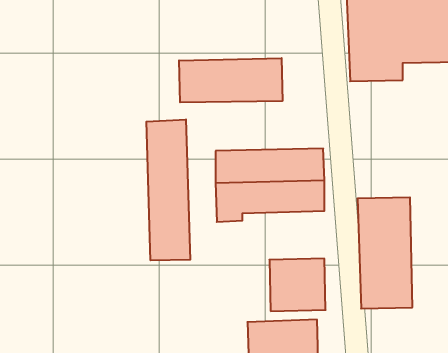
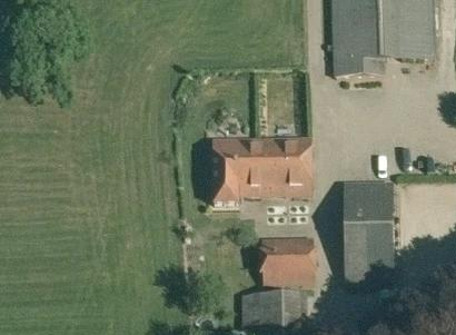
building: [179,58,282,102] -> none
building: [146,119,190,260] -> none

